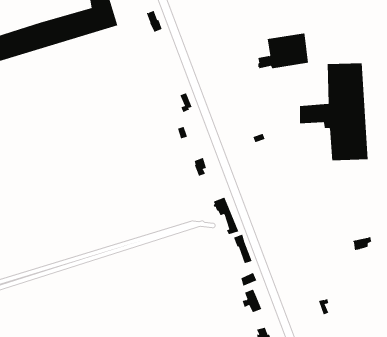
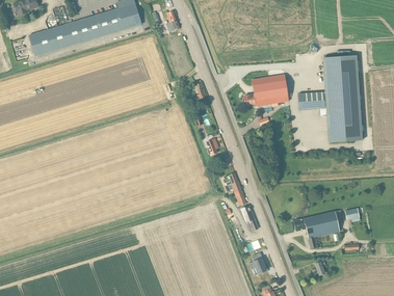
building: [257,33,309,69] -> [244,74,289,105]
building: none -> [294,210,343,247]

